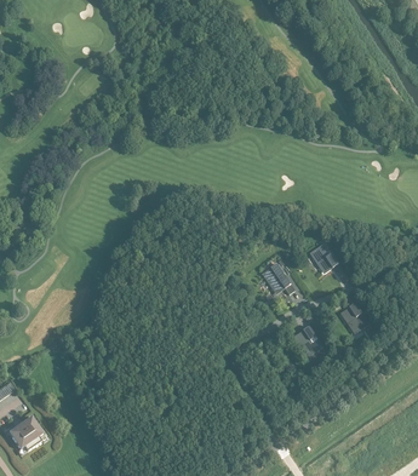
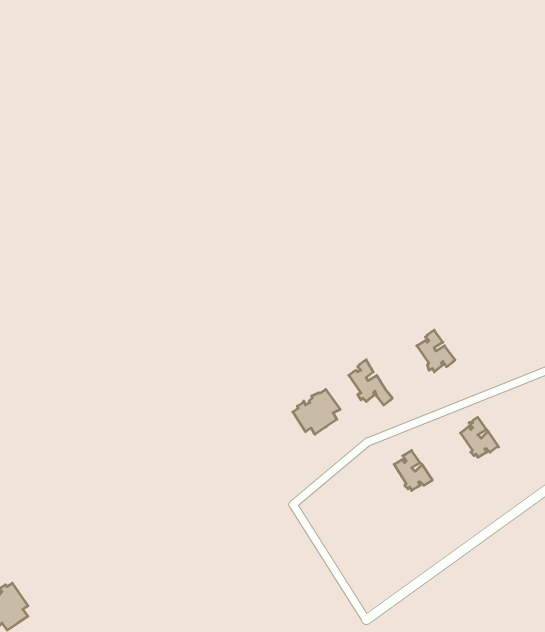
building: none -> [293,389,340,434]

